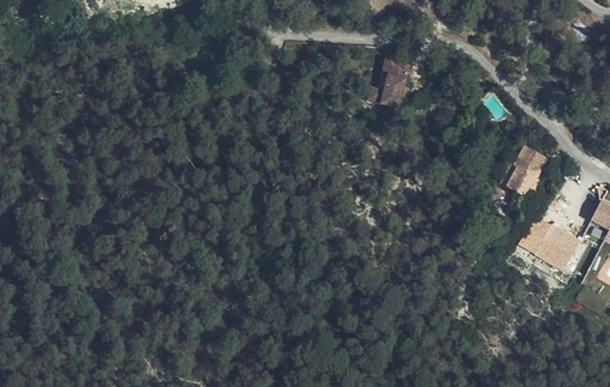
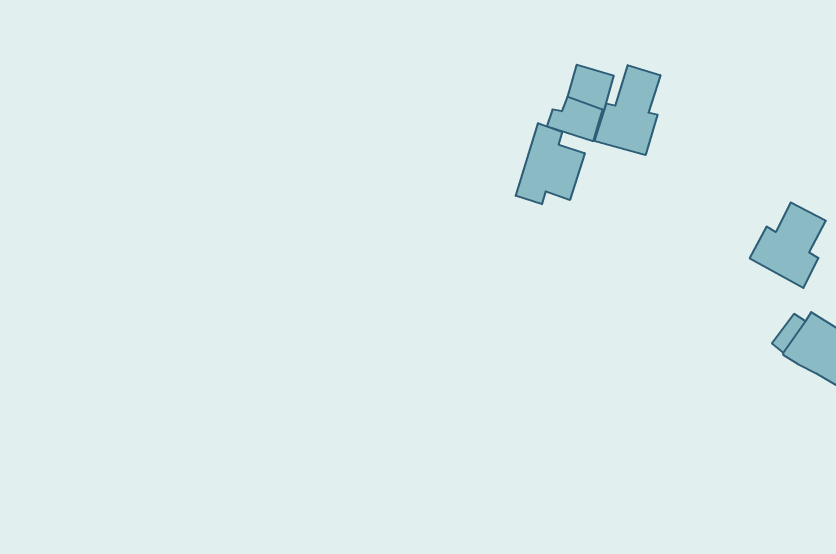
building: none -> [594,65,660,155]
building: none -> [516,123,585,204]

